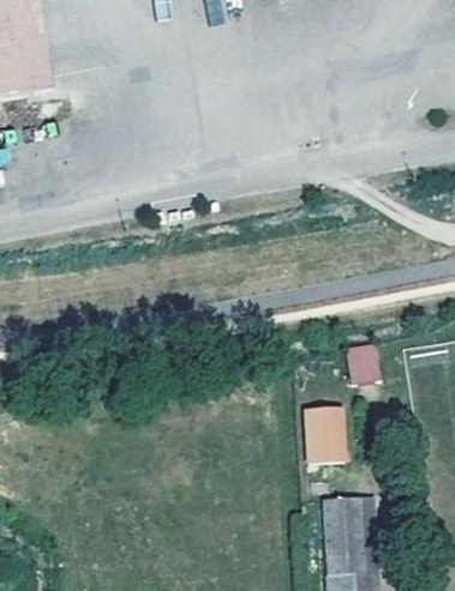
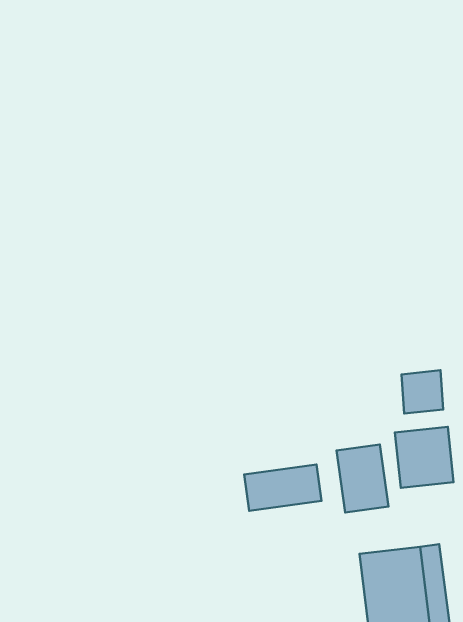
building: none -> [395,427,454,488]
building: none -> [244,465,322,511]

